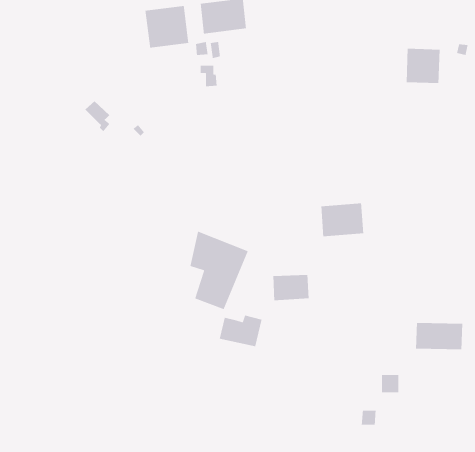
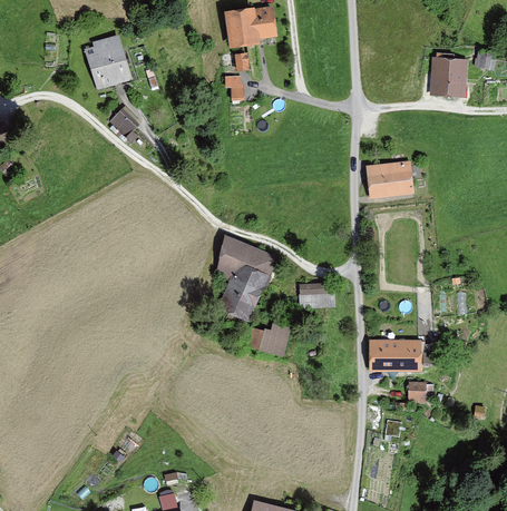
building: [145,5,189,49] -> none
building: none -> [85,40,127,88]
building: [320,202,364,237] -> [368,163,411,197]
building: [415,322,463,350] -> [370,342,418,370]

